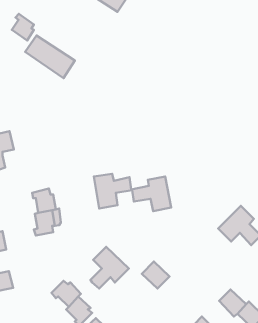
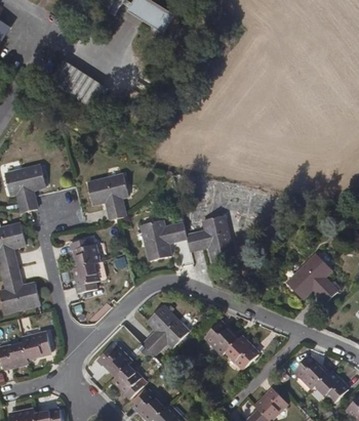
building: [12,14,34,40] -> none
building: none -> [91,173,132,218]
building: none -> [222,337,253,369]

